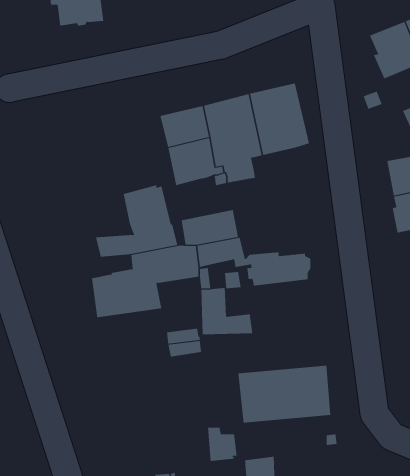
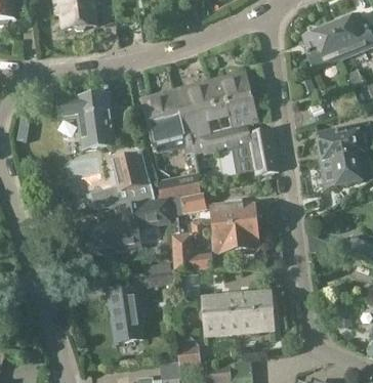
building: none -> [58,92,117,154]
building: none -> [212,122,279,177]
building: none -> [213,224,261,253]
building: none -> [106,286,146,342]

